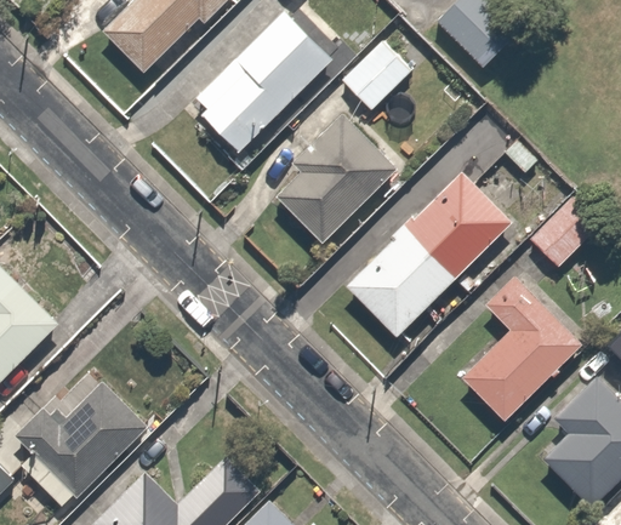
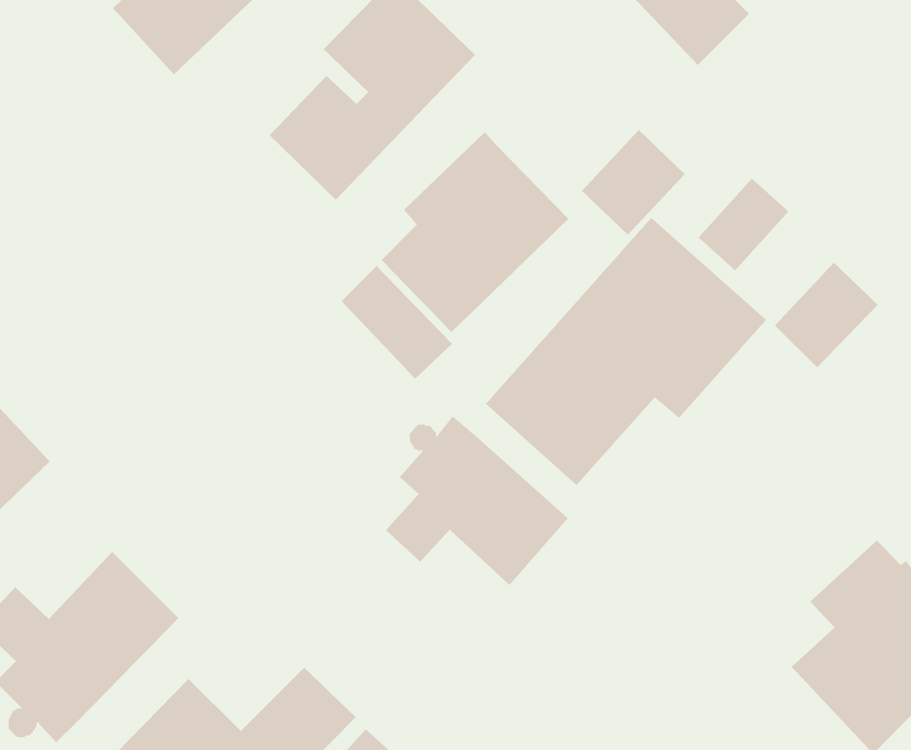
building: [342,40,410,109] -> [581,129,686,236]
building: none -> [341,265,453,380]
building: [463,276,582,421] -> none
building: none -> [385,415,569,586]

